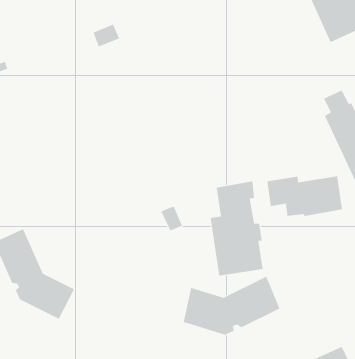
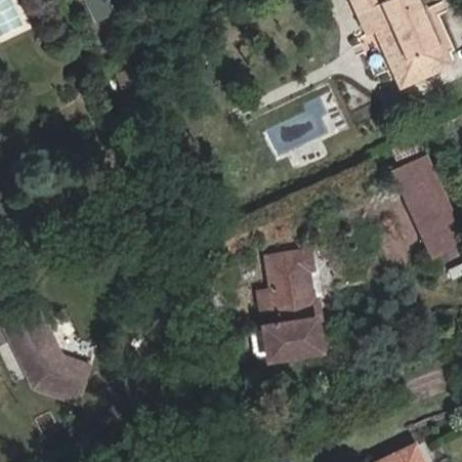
building: [267,175,343,217] -> none
building: [183,276,280,336] -> none

